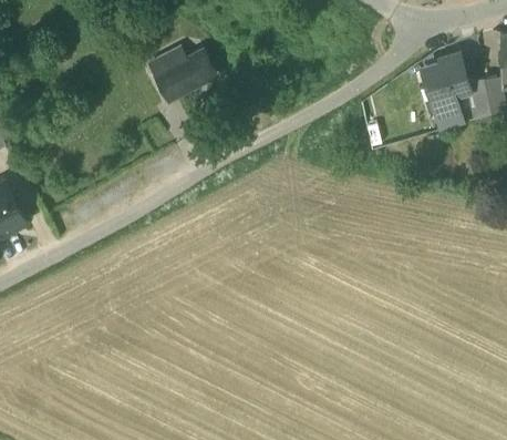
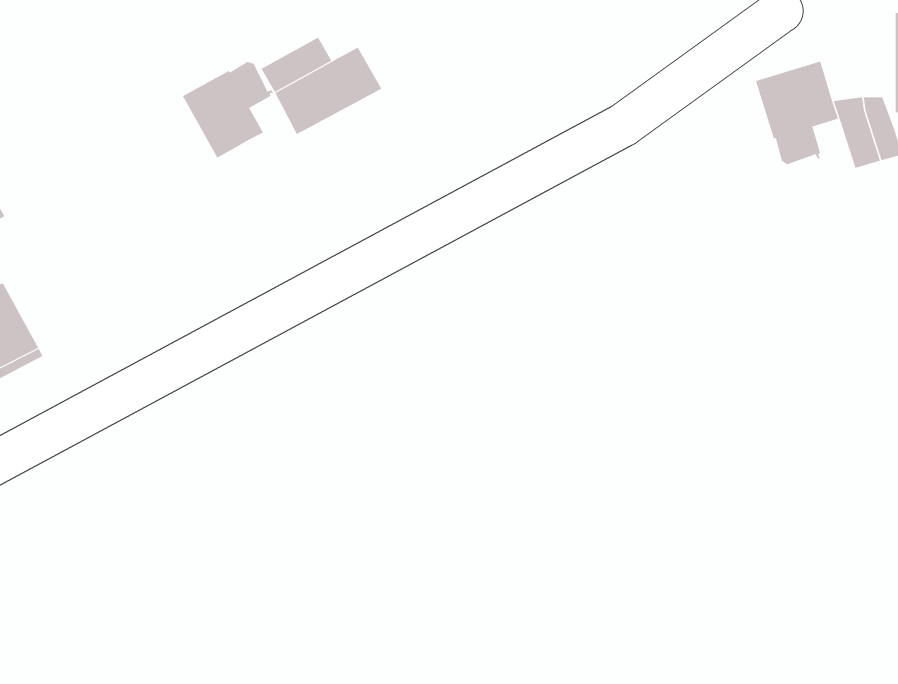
building: none -> [182,61,274,159]

